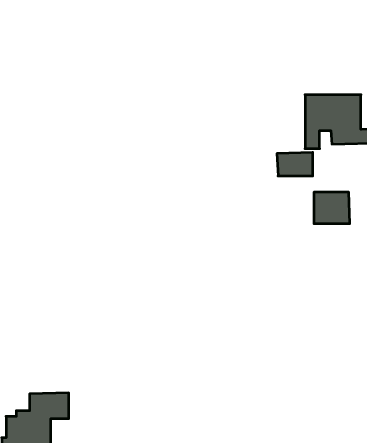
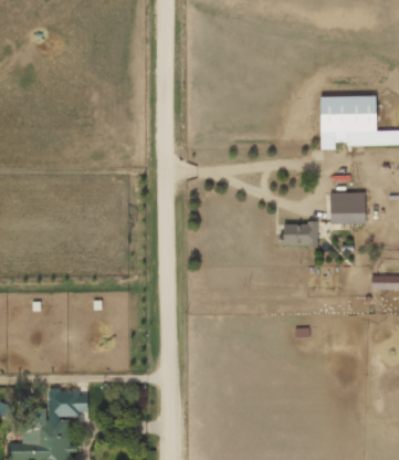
building: [277,152,313,176] -> [282,222,317,245]

